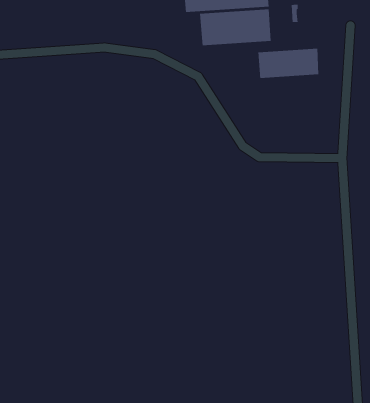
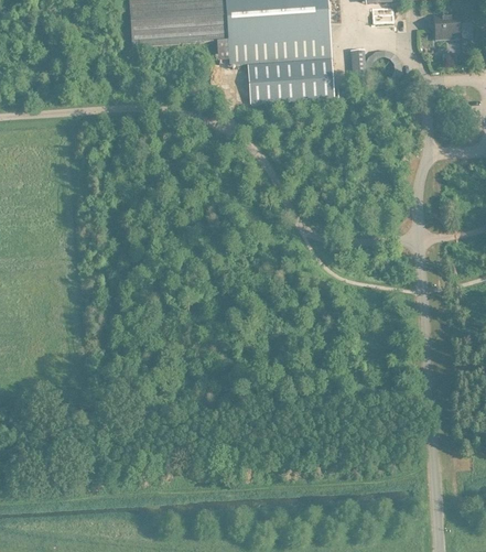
building: [258,48,319,79] -> none

